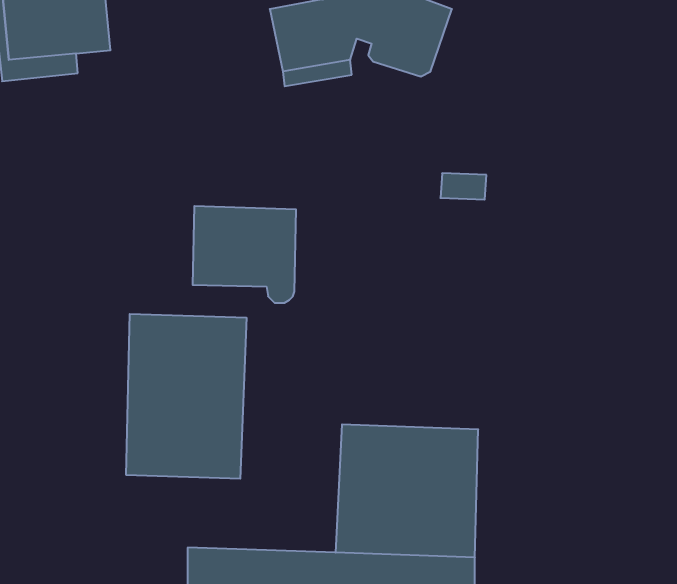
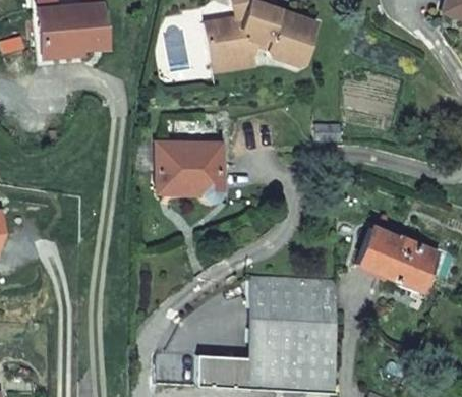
building: [126,314,246,479] -> none
building: none -> [357,227,436,289]

